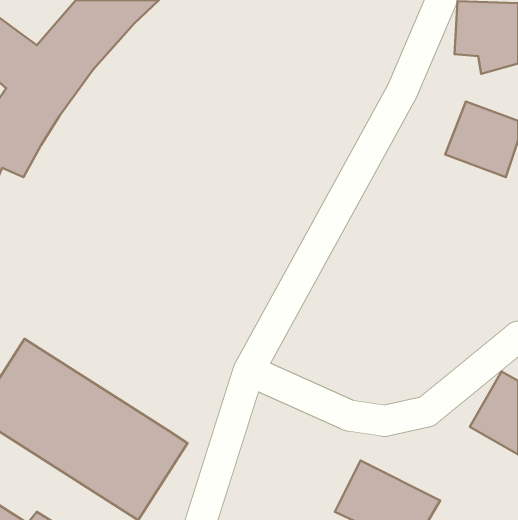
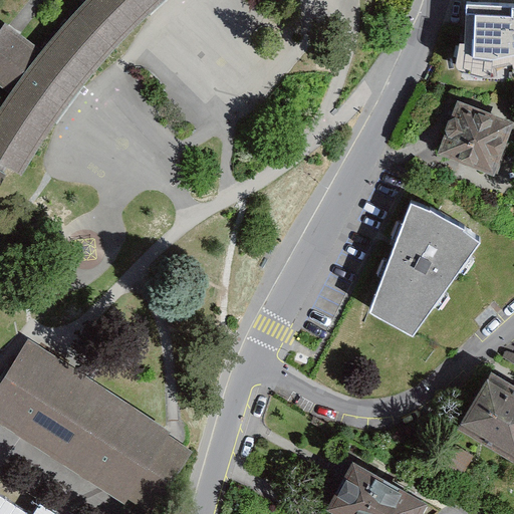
building: none -> [368,206,482,335]

